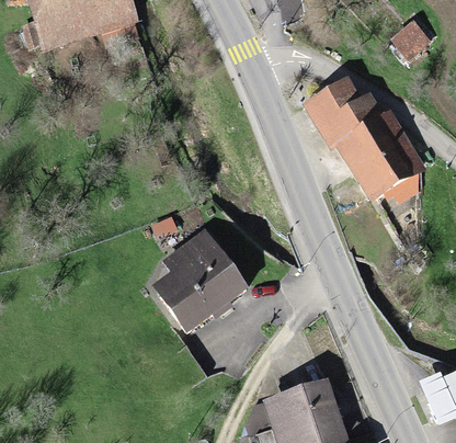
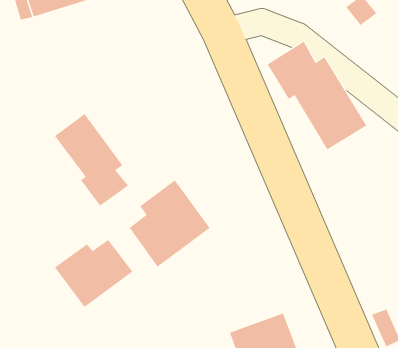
building: none -> [54,113,129,207]
building: none -> [54,239,133,308]

